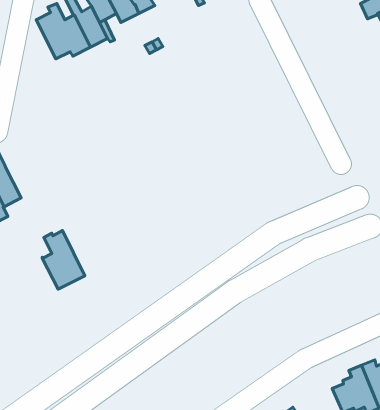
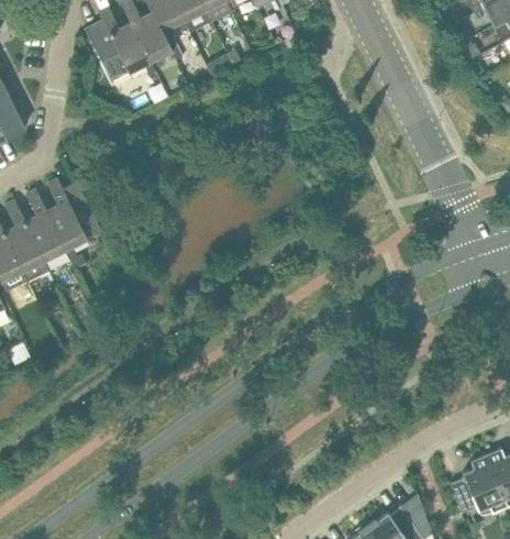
building: [42,230,85,289] -> [46,174,99,246]

